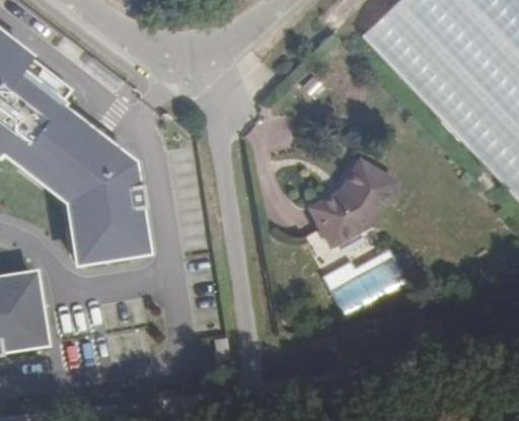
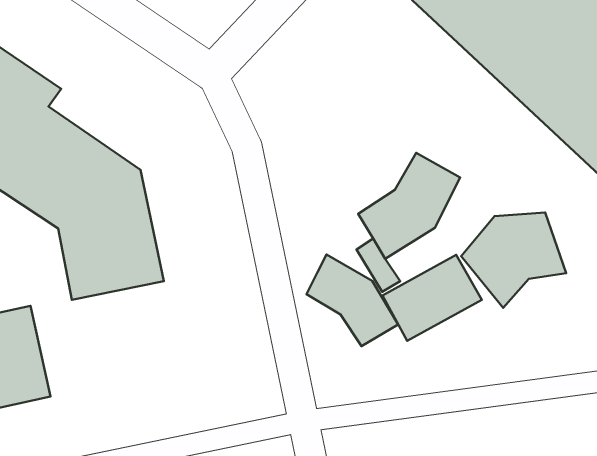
building: none -> [461,212,566,308]
building: none -> [307,255,398,346]

